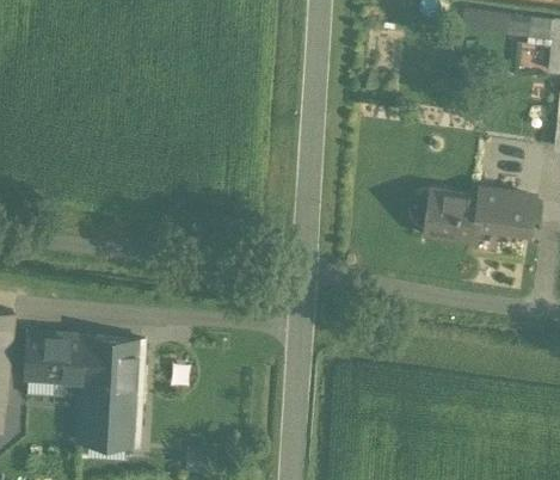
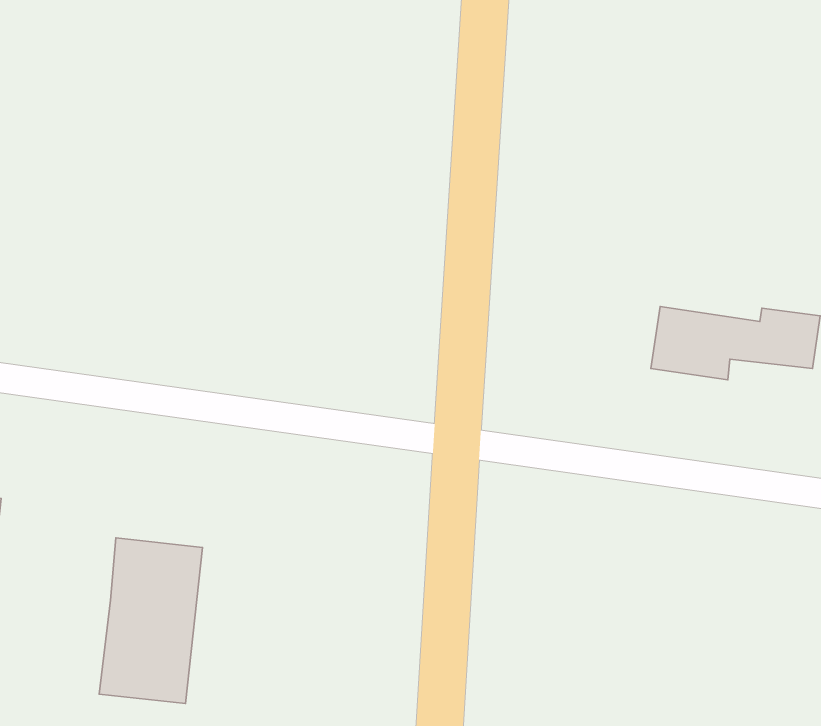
building: [21,336,87,381] -> none

